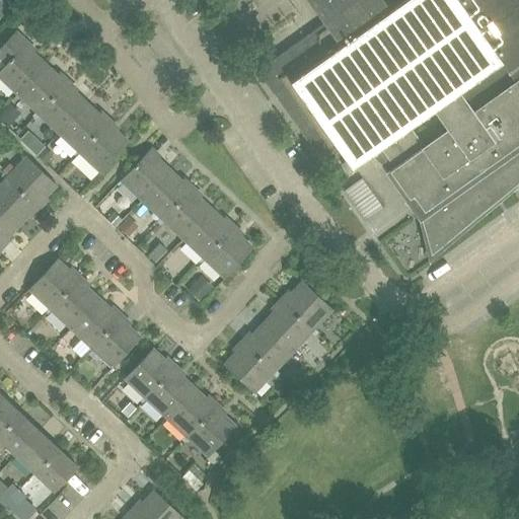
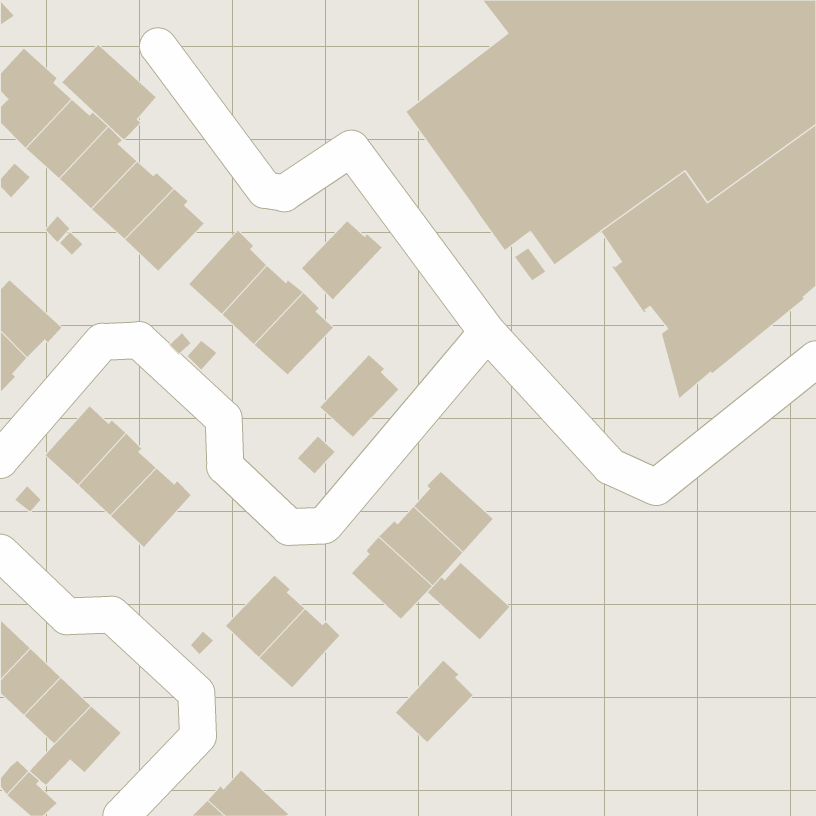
building: none -> [61,44,157,141]
building: [6,156,57,208] -> none
building: [182,208,234,258] -> [301,220,382,300]
building: [280,280,332,329] -> [427,562,510,640]
building: [91,314,141,367] -> none
building: [123,347,174,397] -> none
building: [186,403,235,456] -> [395,660,473,743]

